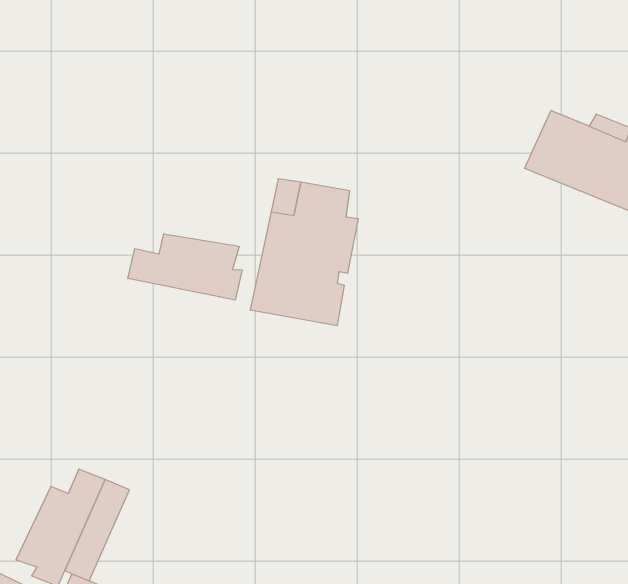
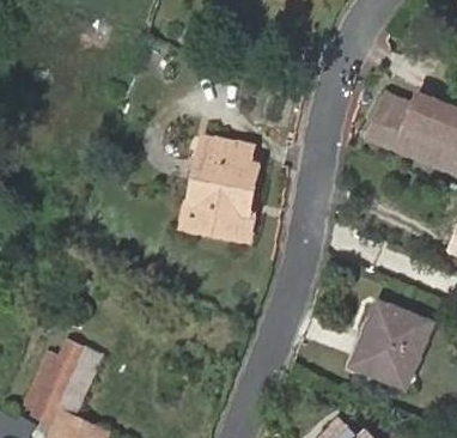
building: [128,234,242,300] -> none
building: none -> [352,305,433,391]

